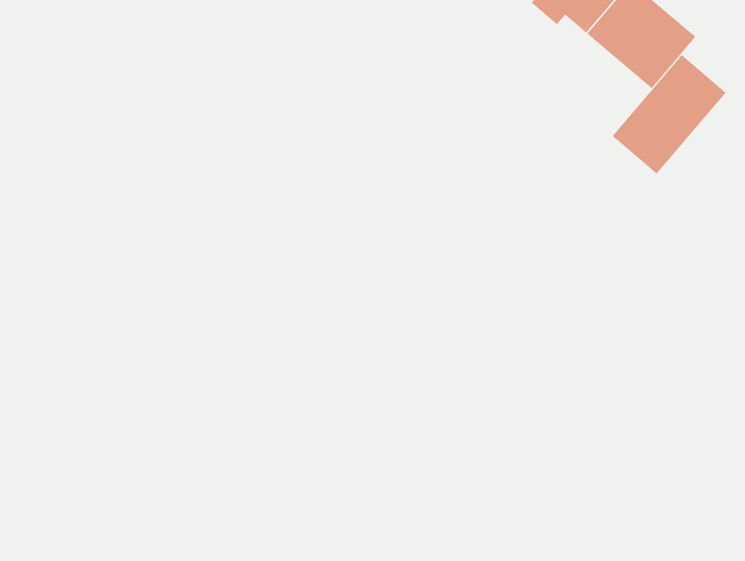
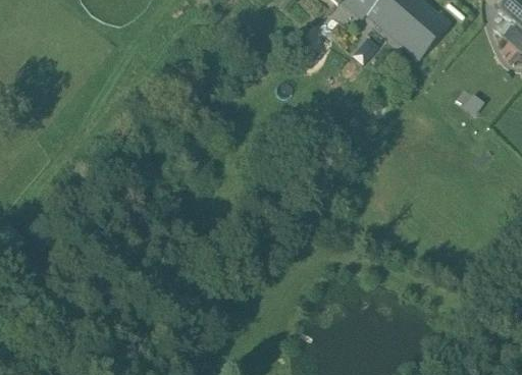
building: [612,54,726,175] -> none

